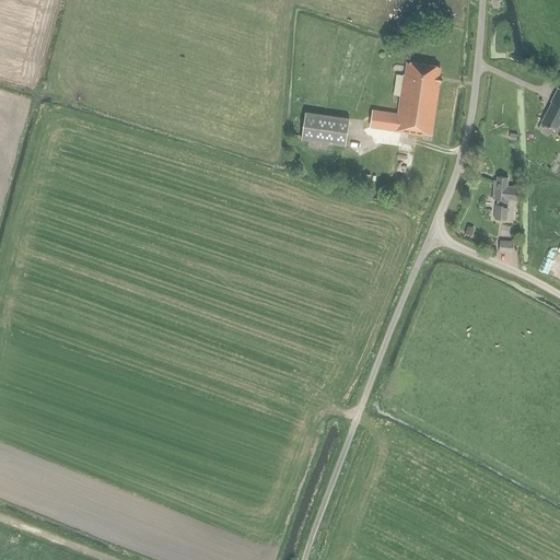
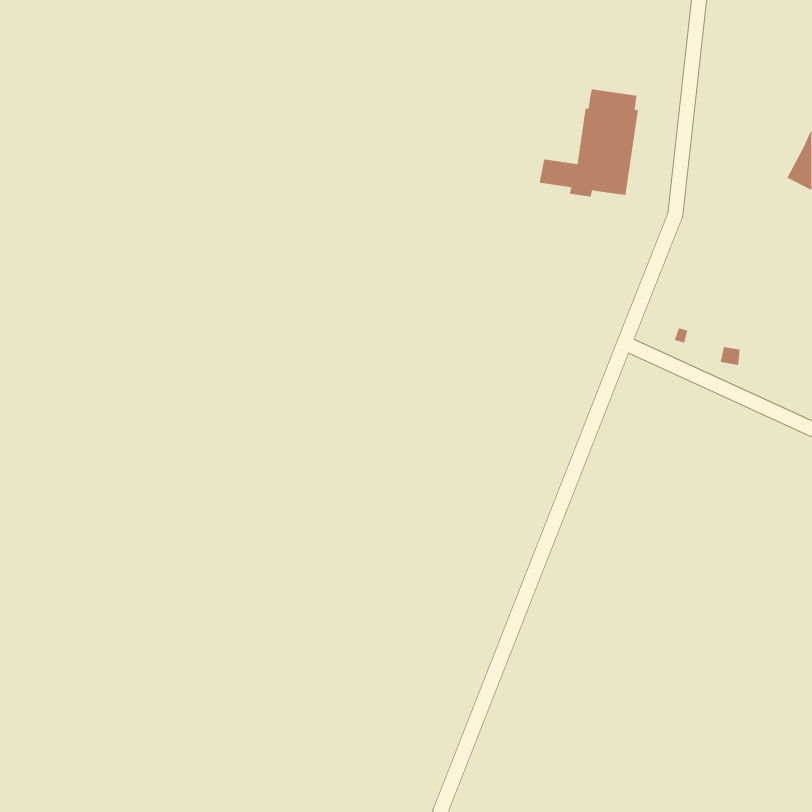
building: [302,110,350,143] -> none
building: [492,175,515,218] -> none

